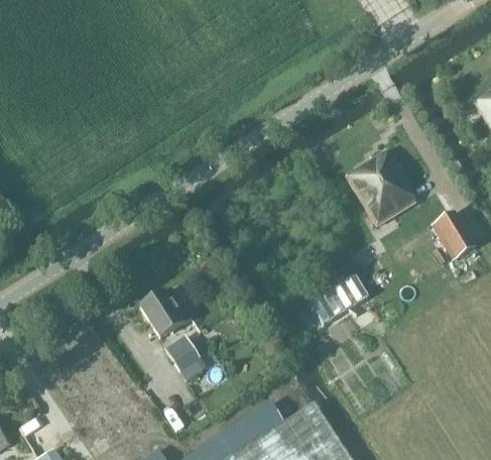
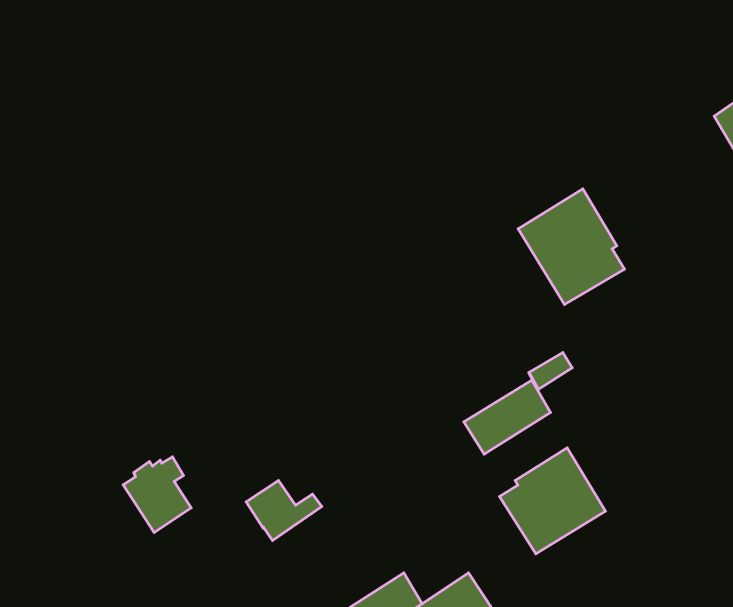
building: [431,211,477,261] -> none
building: [140,290,185,339] -> [123,457,191,533]
building: none -> [499,448,606,554]

